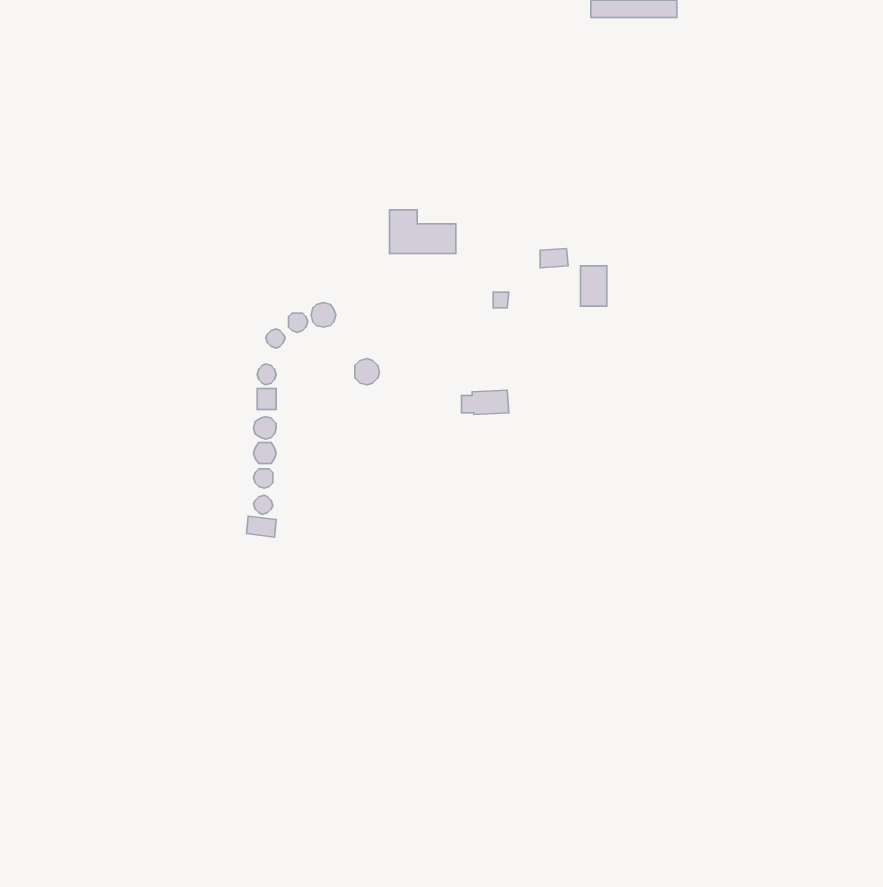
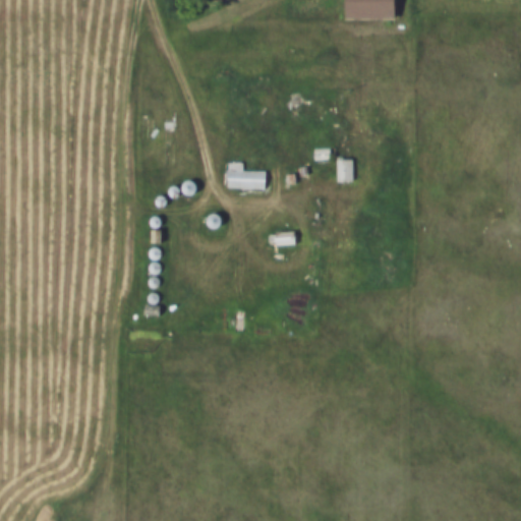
building: [389,210,456,253] -> [226,163,265,188]

